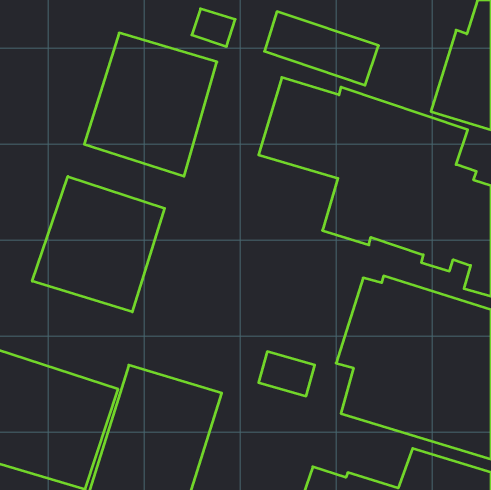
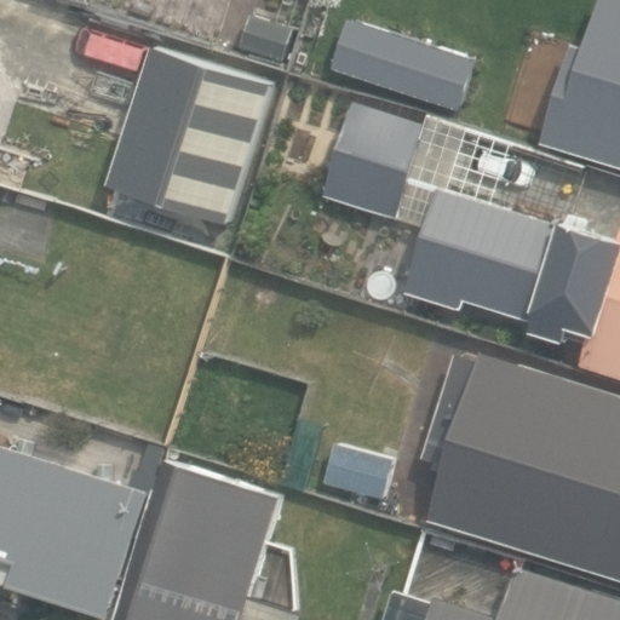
building: [32,176,165,312] -> none

